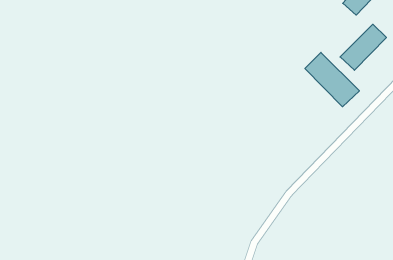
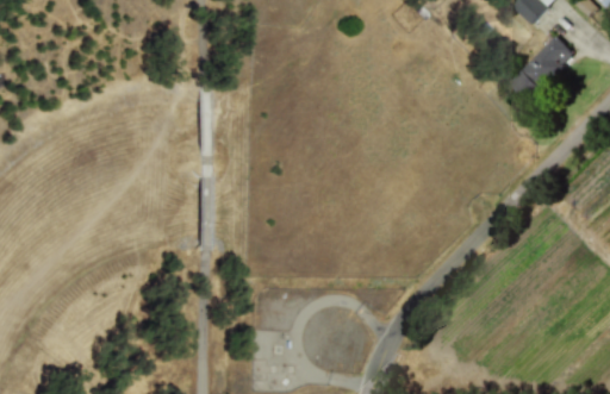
building: [305,52,359,107] -> none

